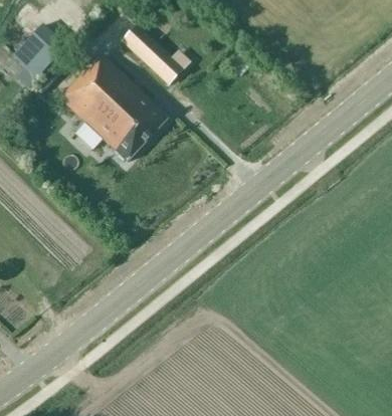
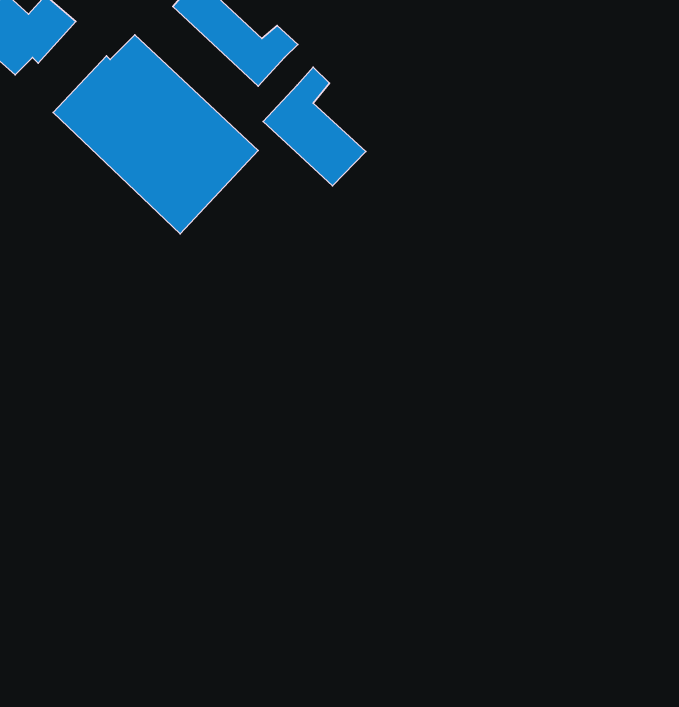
building: none -> [263,67,366,186]

